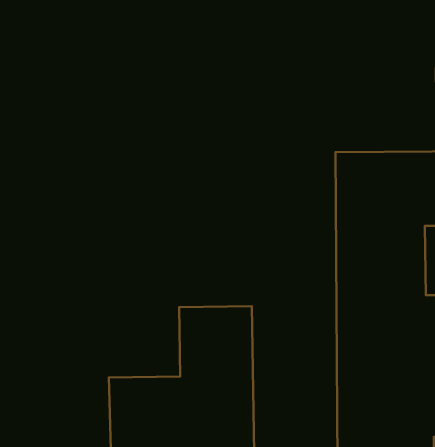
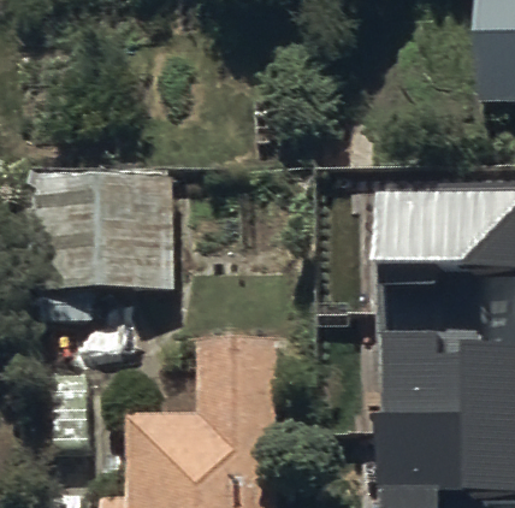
building: none -> [35,160,176,294]

